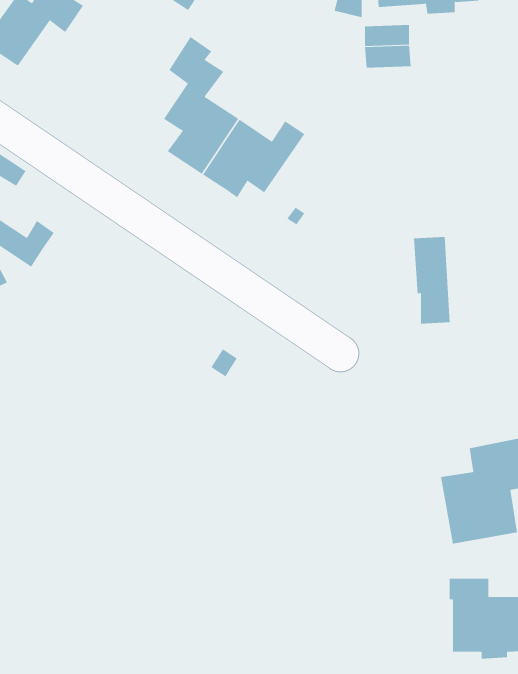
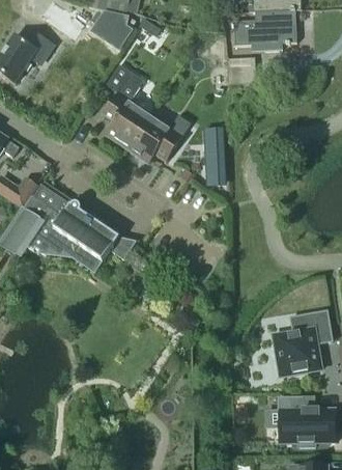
building: none -> [8,185,136,272]
building: [413,236,450,324] -> [203,127,226,181]

